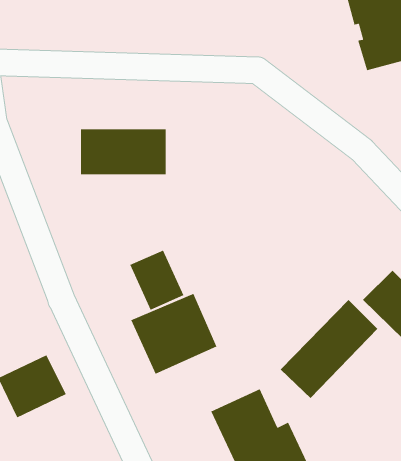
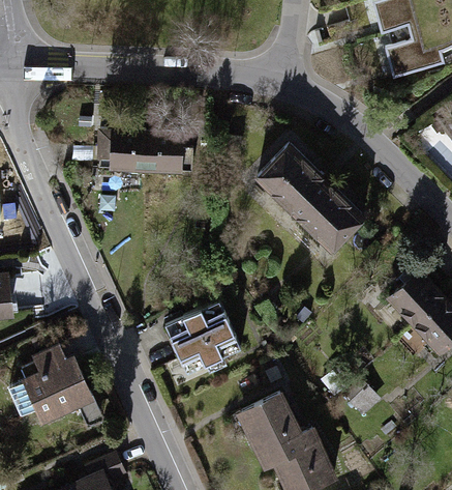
building: none -> [255,149,361,258]
building: [129,250,184,311] -> none
building: [280,299,378,399] -> none

